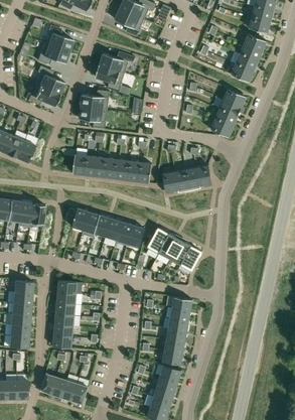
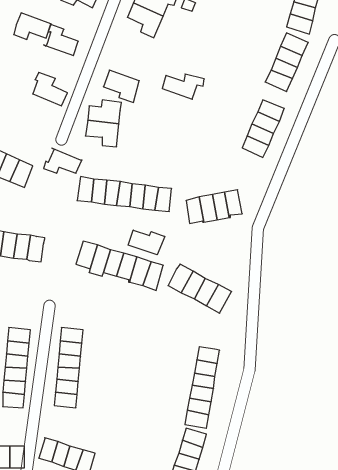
building: [38,43,69,65] -> [14,13,51,39]
building: [100,52,135,74] -> [162,74,204,99]
building: [28,85,60,106] -> [44,148,82,173]
building: none -> [128,230,165,255]

